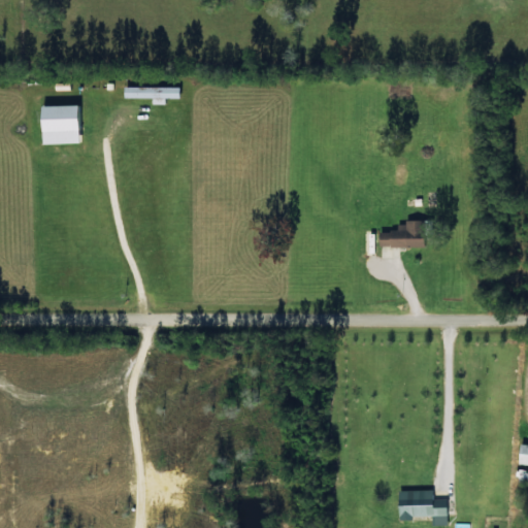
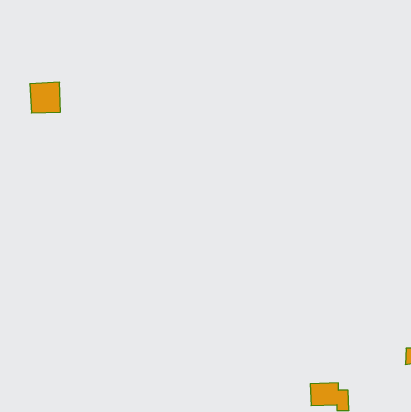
building: [125,87,180,104] -> none
building: [378,222,426,248] -> none

